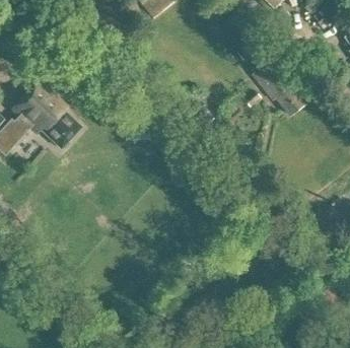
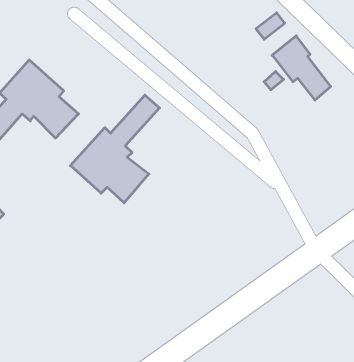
building: none -> [70,95,160,203]

